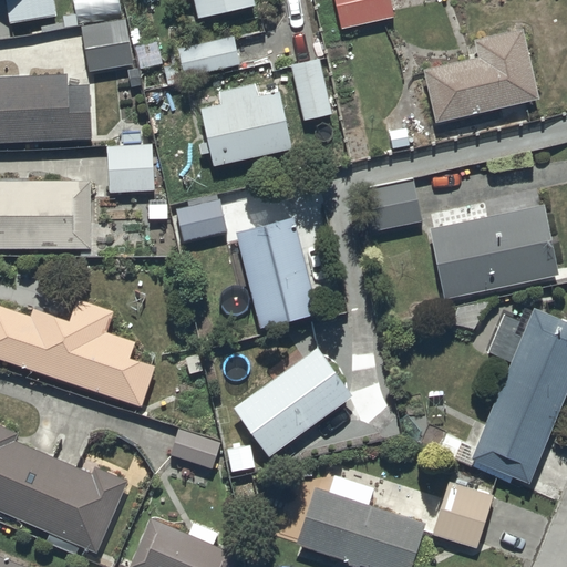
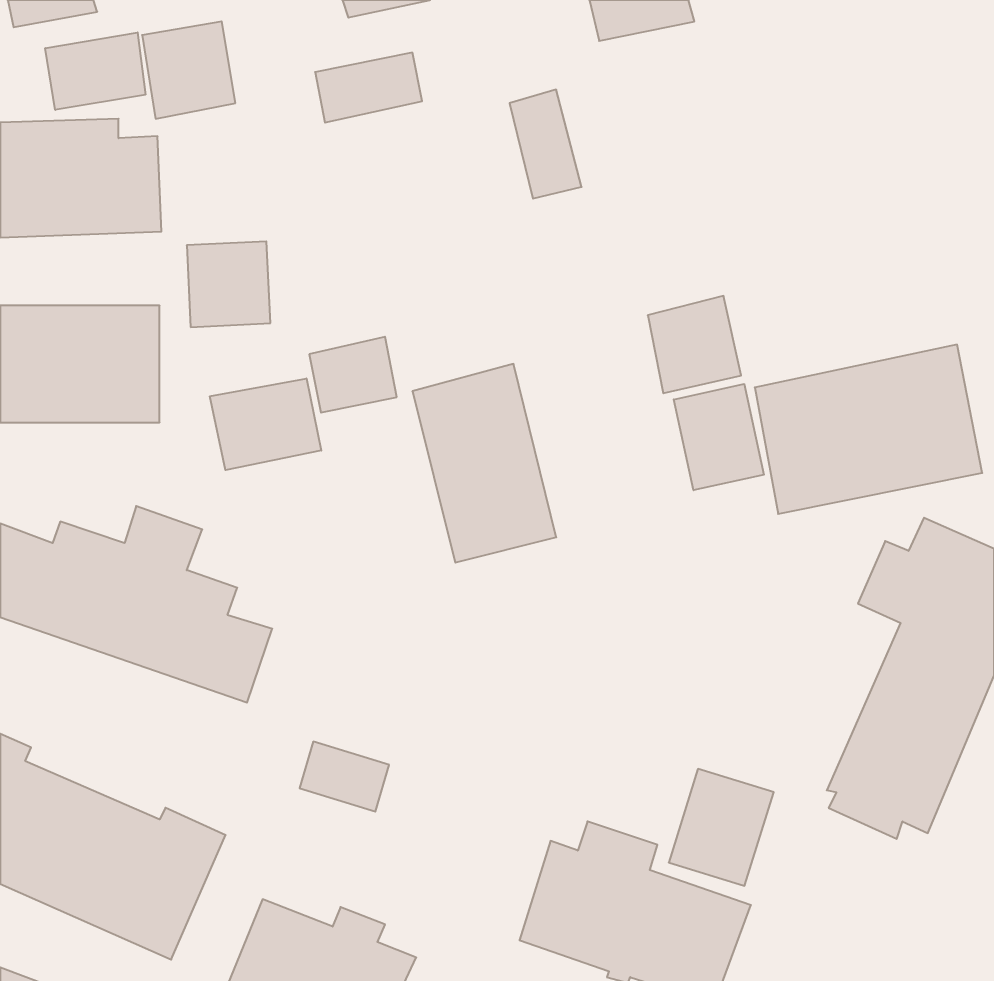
building: none -> [45,32,145,110]
building: [423,28,538,126] -> none
building: [198,85,291,165] -> none
building: none -> [210,378,321,470]
building: none -> [674,384,764,490]
building: [233,347,353,455] -> none
building: [433,483,493,549] -> [669,769,774,886]

